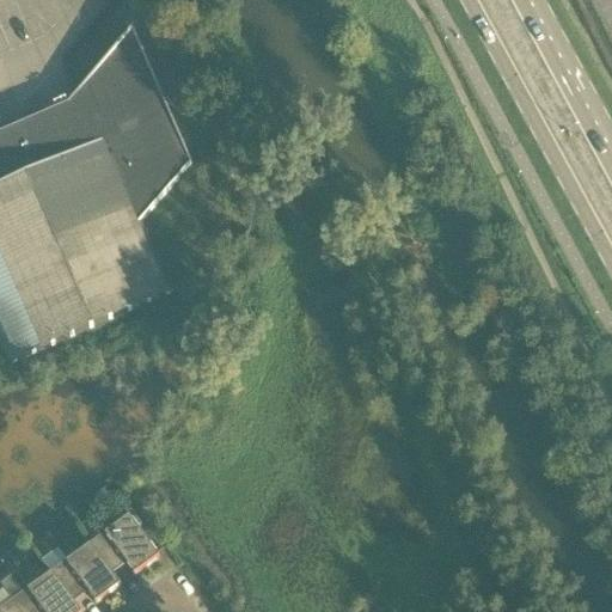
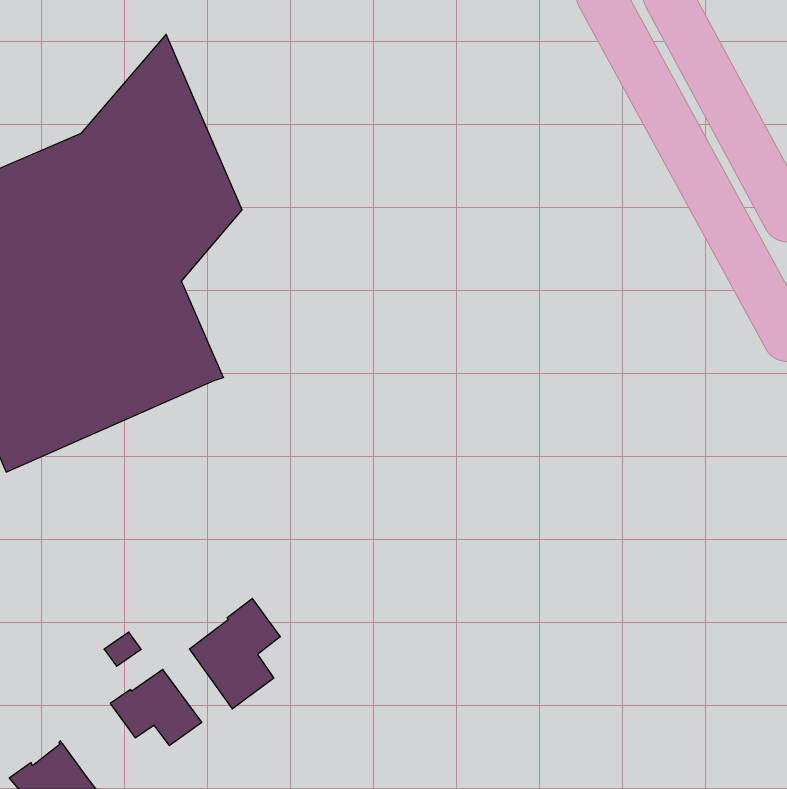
building: none -> [189,598,280,709]
building: [47,541,116,602] -> none

